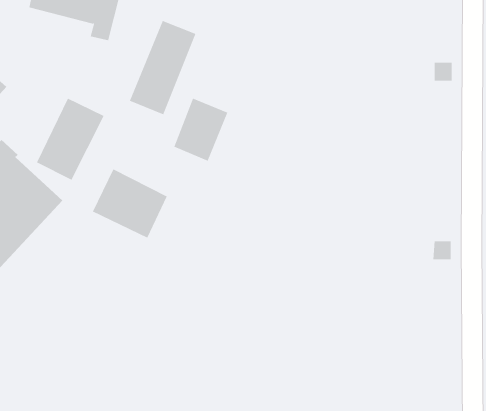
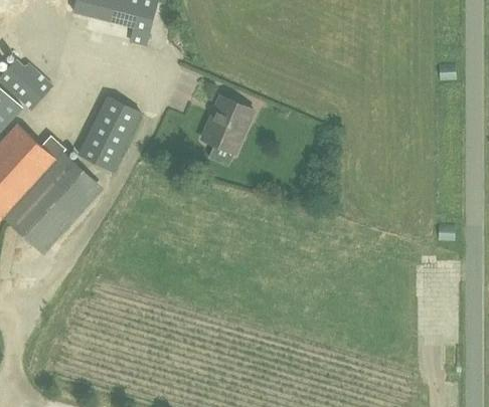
building: [129,20,196,115] -> none
building: [92,168,167,239] -> none

